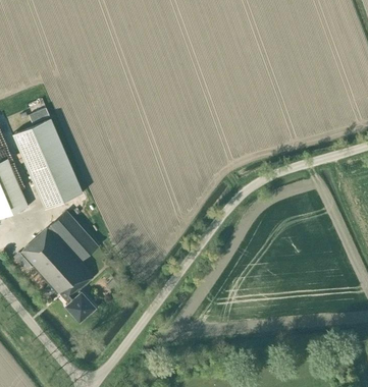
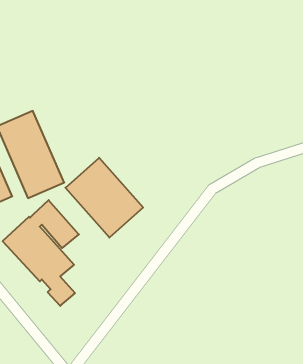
building: none -> [65,158,143,238]

